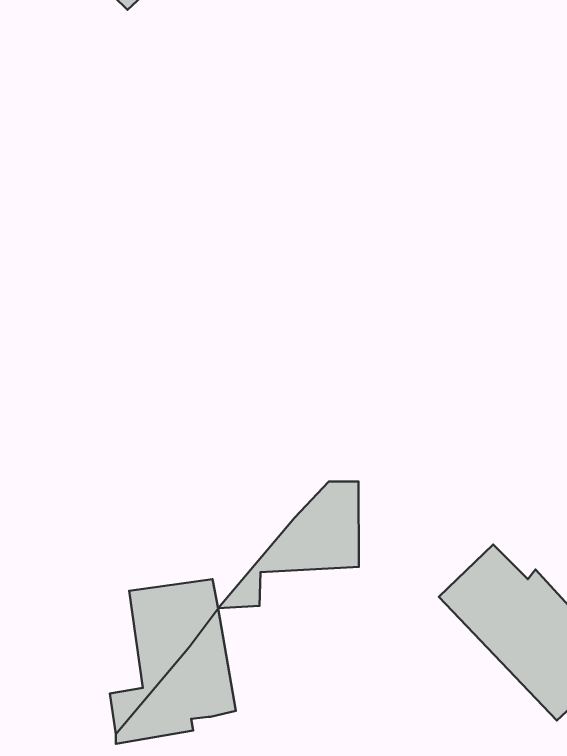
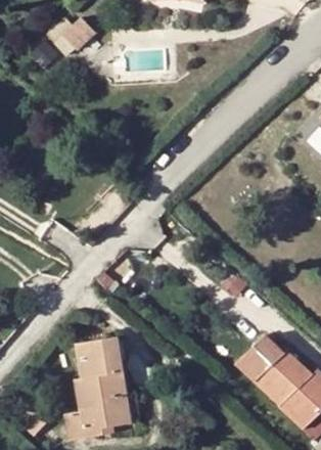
building: [218,481,359,608] -> none

